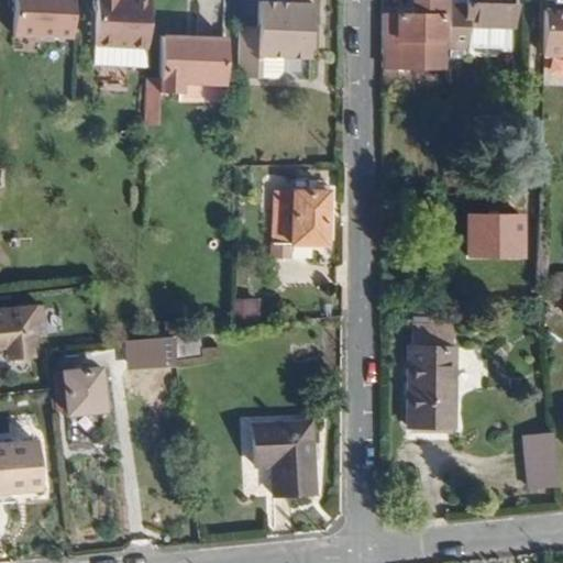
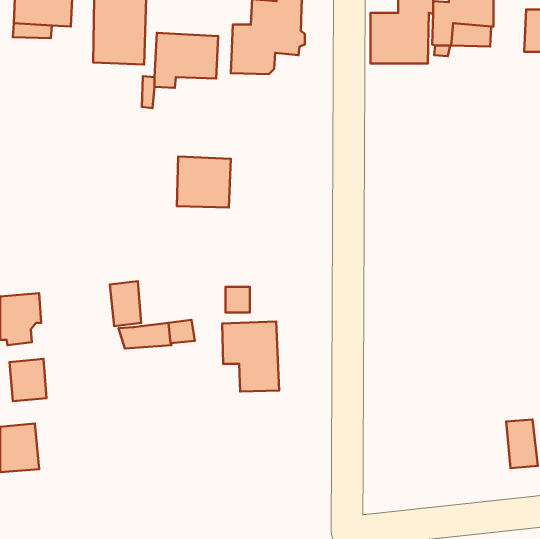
building: [275,190,331,243] -> [177,157,231,207]
building: [471,217,522,254] -> none
building: none -> [110,281,141,326]
building: [411,324,456,426] -> none
building: [66,368,104,412] -> [10,359,47,401]
building: [256,421,316,494] -> [222,322,279,391]

